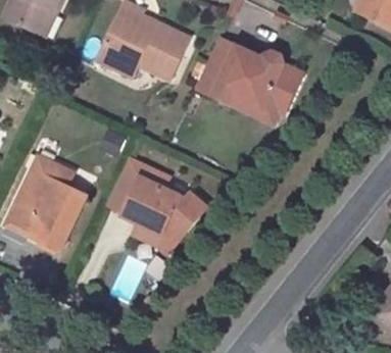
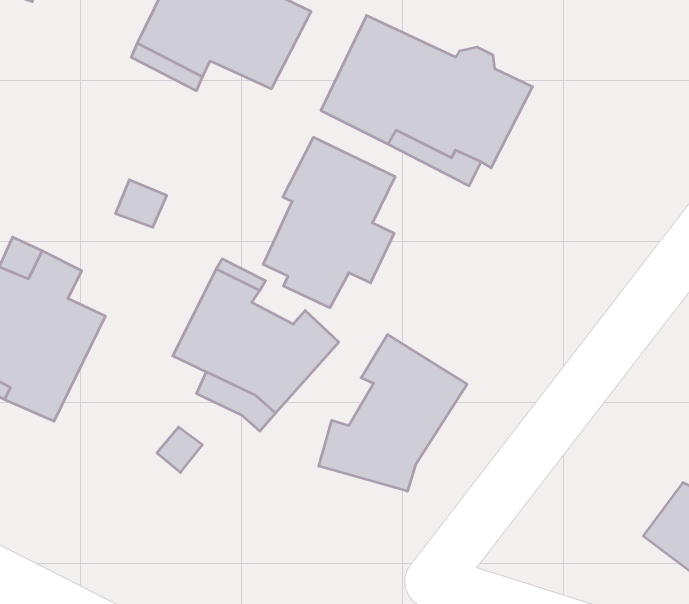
building: none -> [263,137,395,308]
building: none -> [319,335,467,491]

